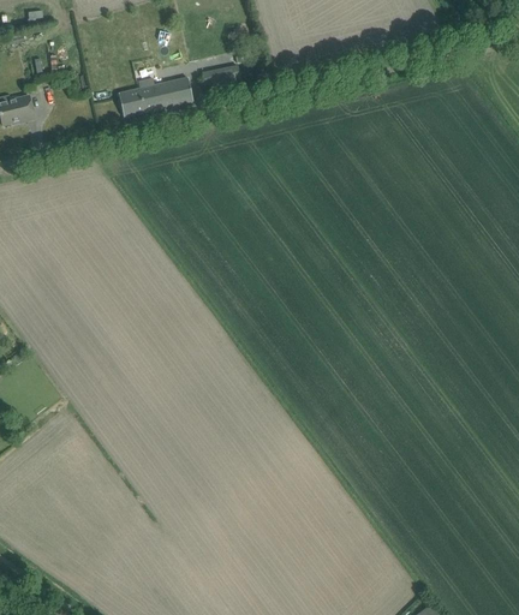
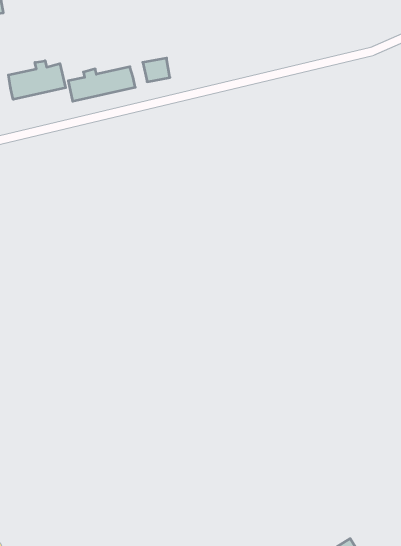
building: none -> [8,61,66,99]

